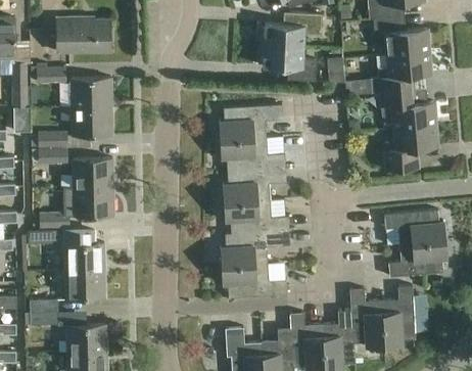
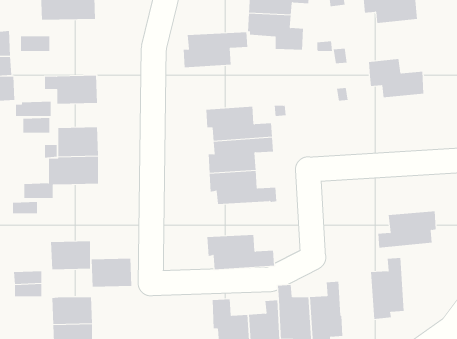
building: [370,51,430,93] -> none
building: [70,77,111,107] -> none
building: [218,104,282,140] -> [183,32,248,68]
building: [383,125,436,171] -> none
building: [383,210,445,244] -> none
building: [219,231,283,266] -> none
building: [64,242,105,271] -> [91,258,132,287]
building: [349,289,384,349] -> none

